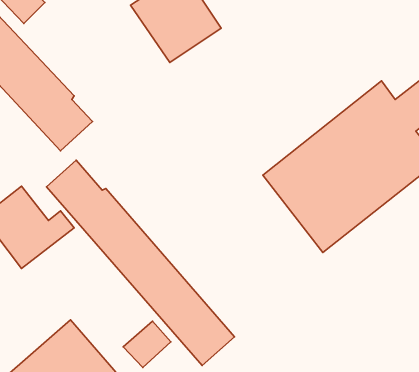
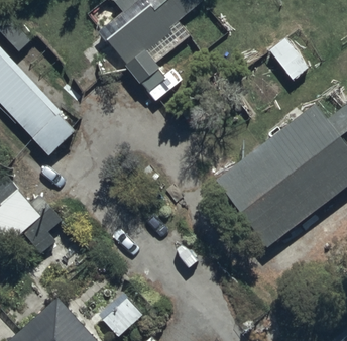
building: [46,160,235,365] -> none

